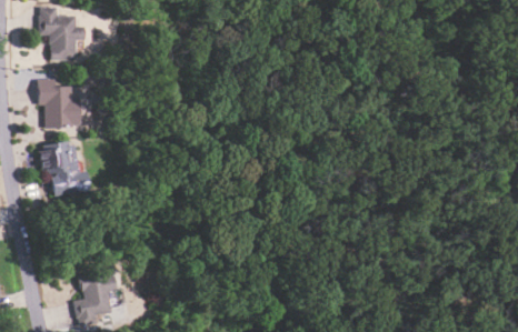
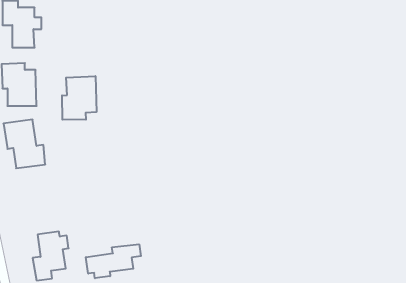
building: none -> [62,76,96,120]
building: none -> [86,244,141,278]

